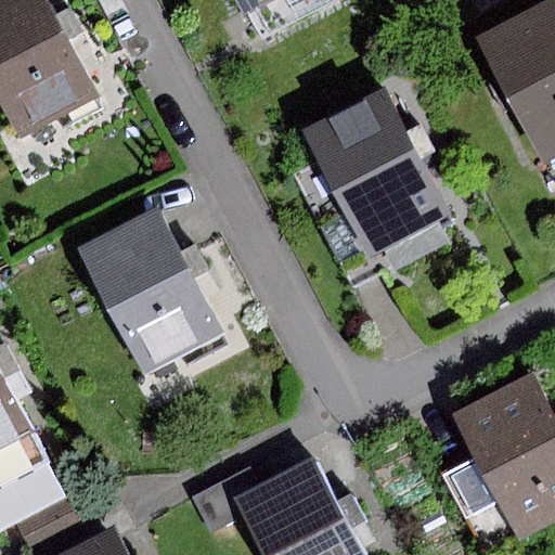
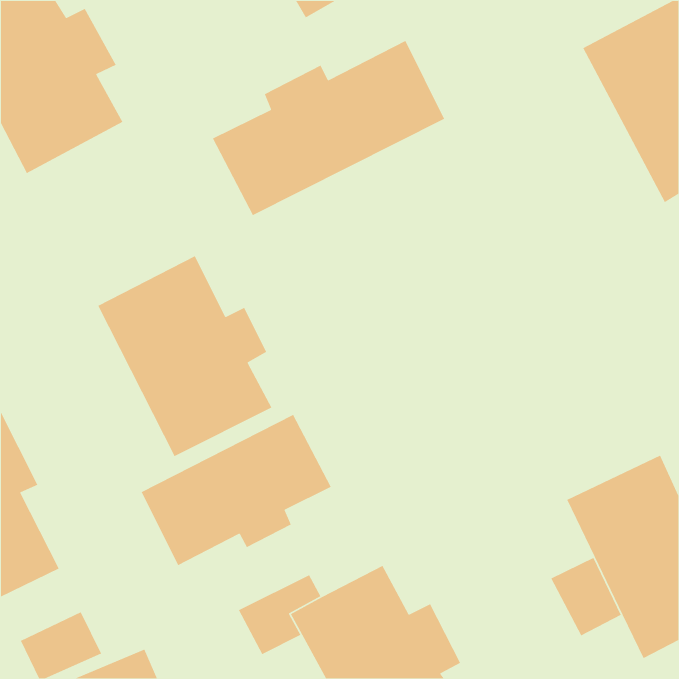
building: none -> [212,40,445,216]
building: [297,91,451,274] -> none
building: none -> [140,414,332,566]

